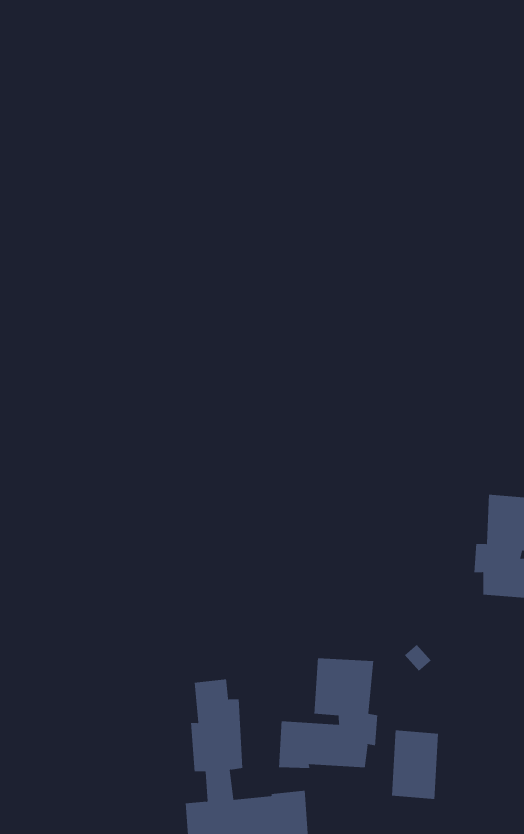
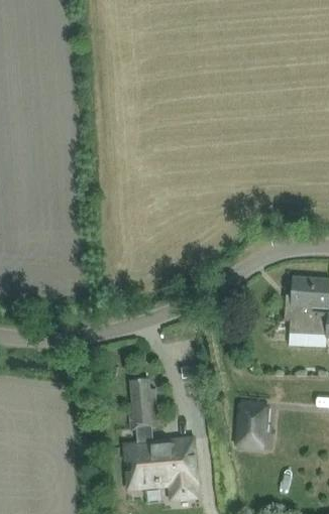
building: [278,657,378,769] -> none

